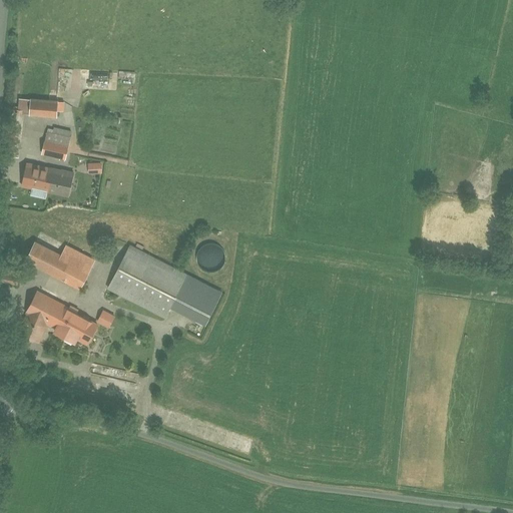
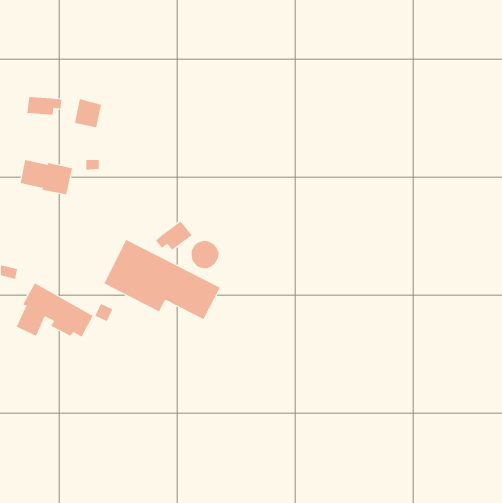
building: [41,131,69,161] -> [74,98,102,128]
building: none -> [155,220,193,251]
building: [22,238,94,290] -> none

